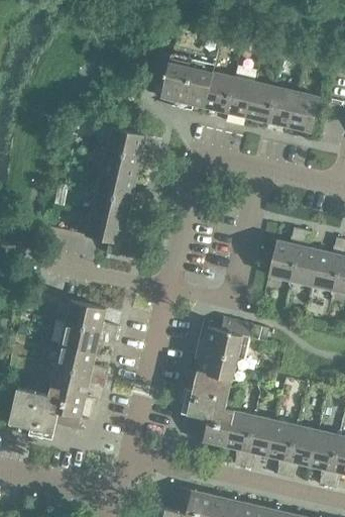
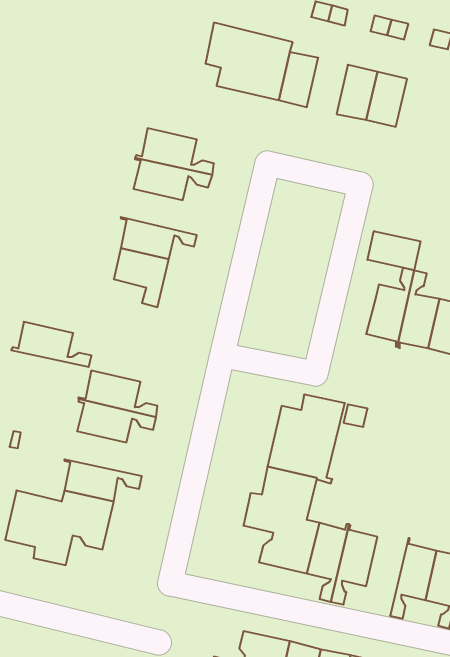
building: [224,77,253,117] -> none
building: [288,92,319,131] -> none
building: [91,171,147,204] -> none
building: none -> [368,231,420,270]
building: [50,344,108,377] -> [11,322,92,367]
building: [266,420,297,477] -> none

